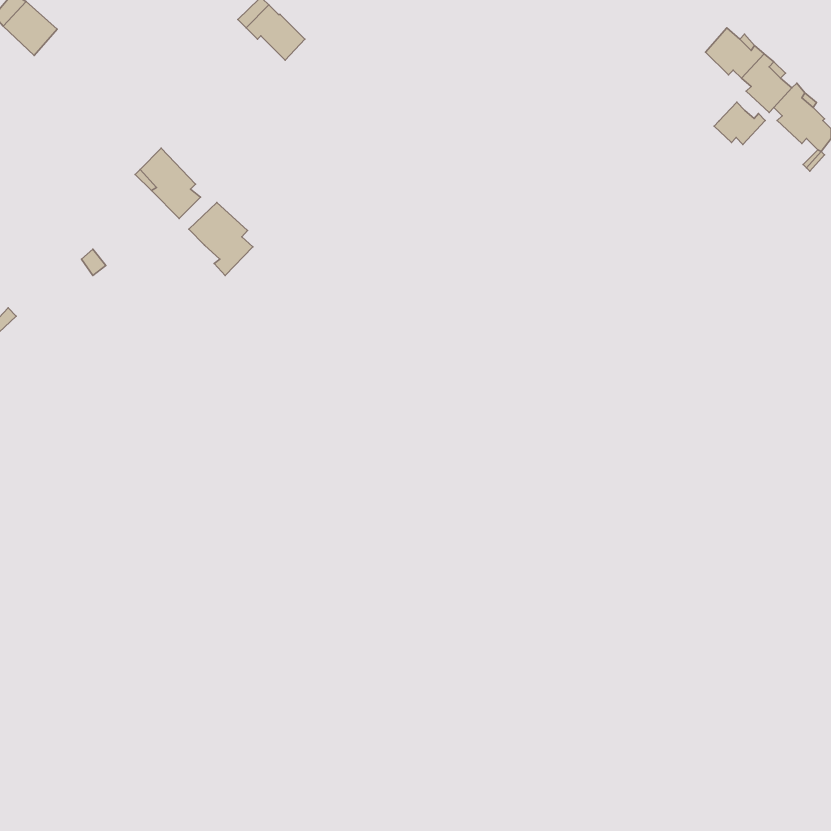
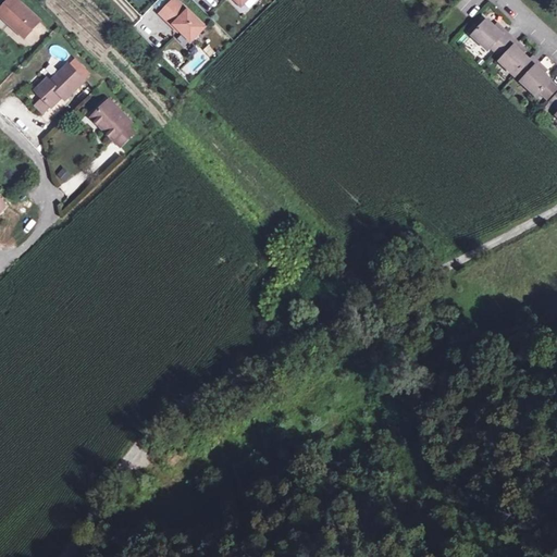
building: none -> [36,64,83,106]
building: [714,102,765,145] -> none
building: [189,202,253,275] -> none

